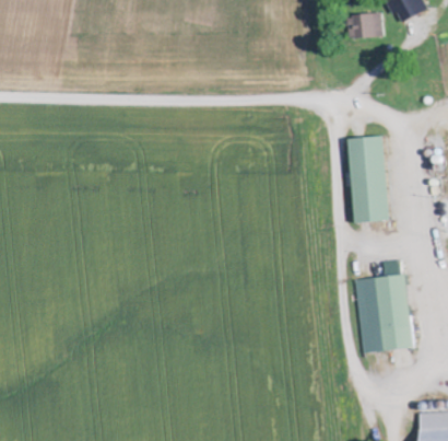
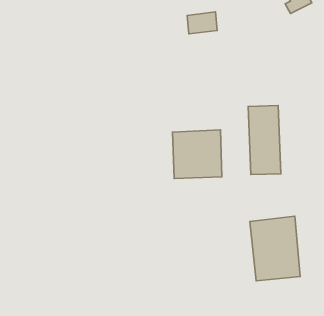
building: [345,11,382,38] -> [187,12,217,34]
building: none -> [172,130,222,178]

